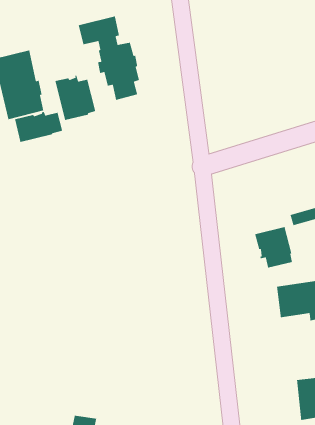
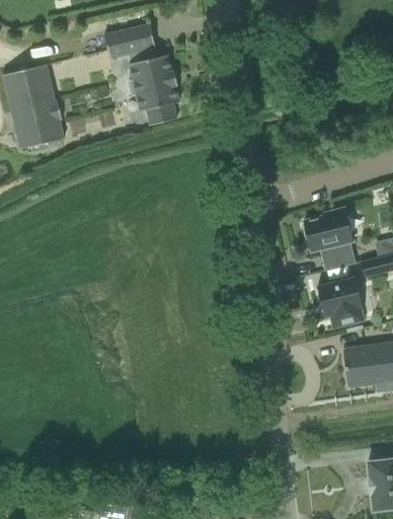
building: [54,75,96,121] -> none
building: [14,111,63,143] -> none
building: none -> [302,209,356,271]

